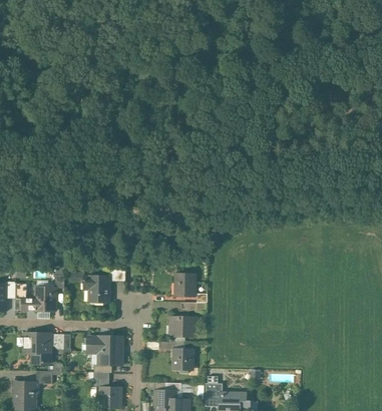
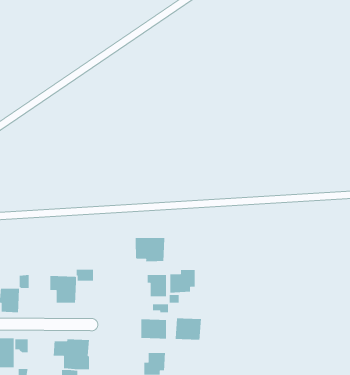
building: none -> [135,237,165,262]
building: none -> [169,269,195,293]
building: none -> [173,317,202,341]

